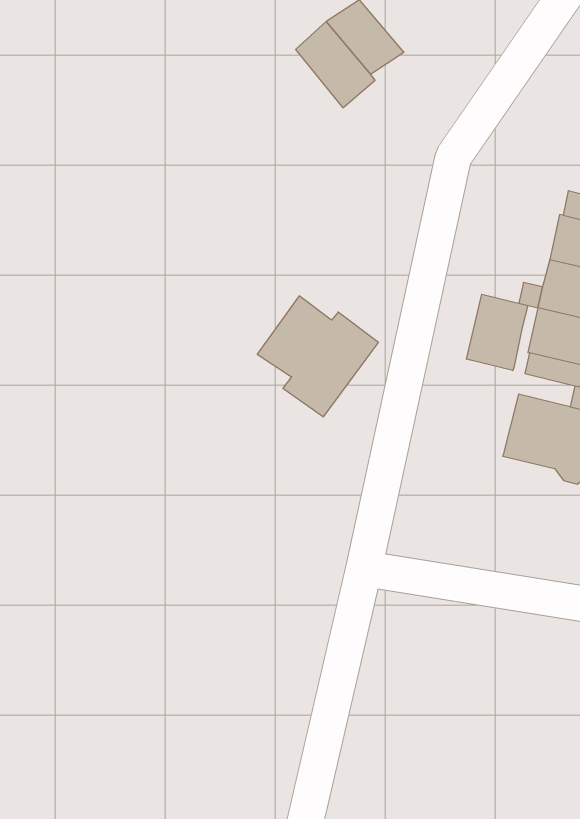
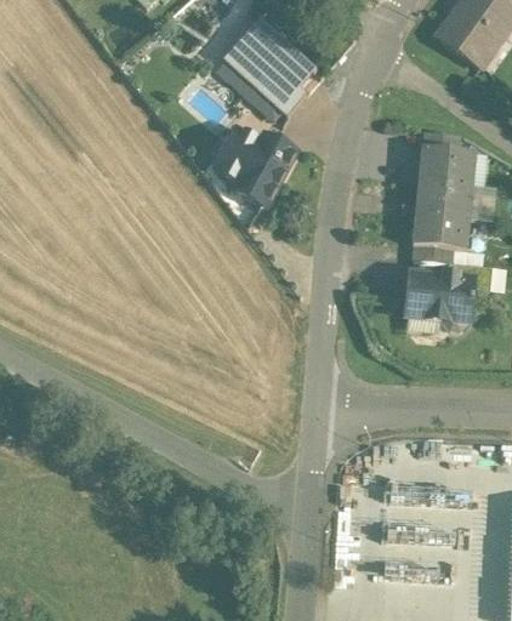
building: none -> [263,74,306,116]
building: [467,294,528,371] -> none
building: [257,296,378,417] -> [214,127,295,207]

